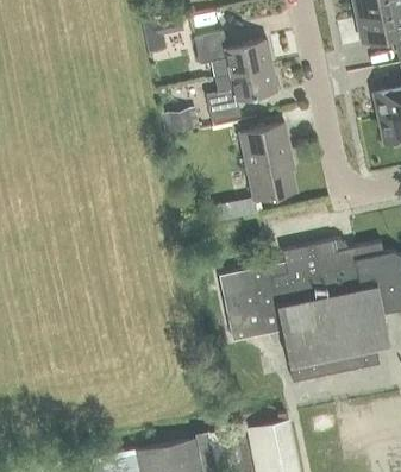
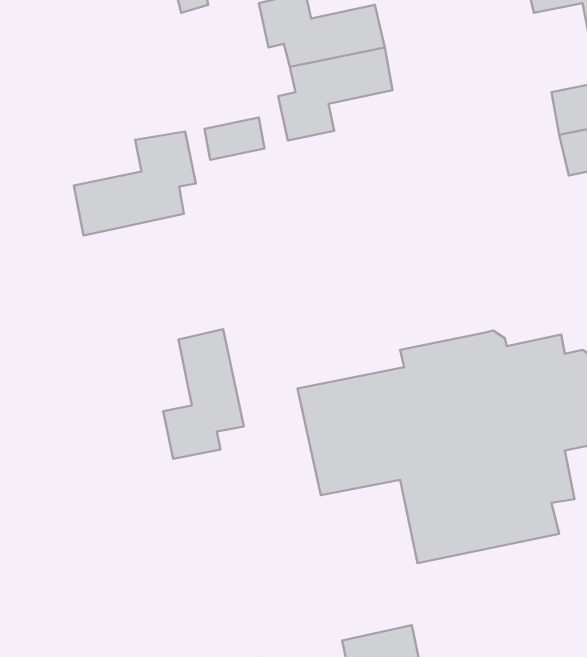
building: none -> [74,132,196,235]
building: [240,124,296,200] -> none
building: none -> [163,329,244,459]

